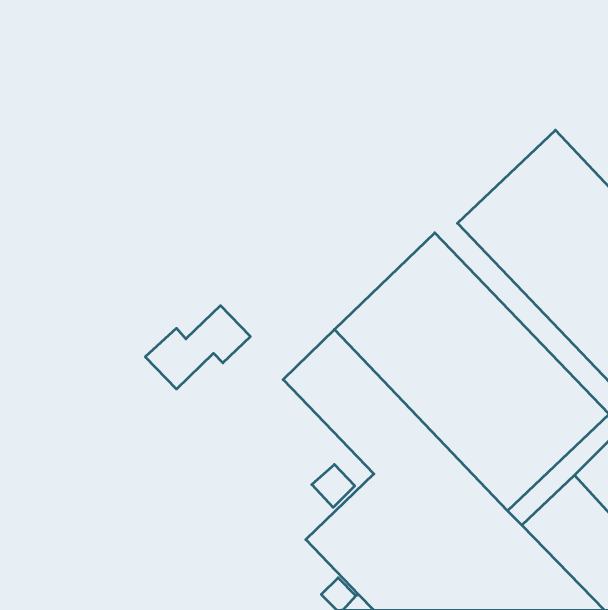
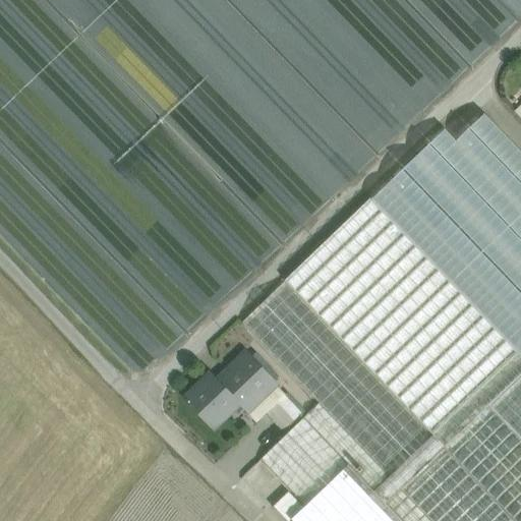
building: [145,306,250,389] -> [189,355,279,426]

